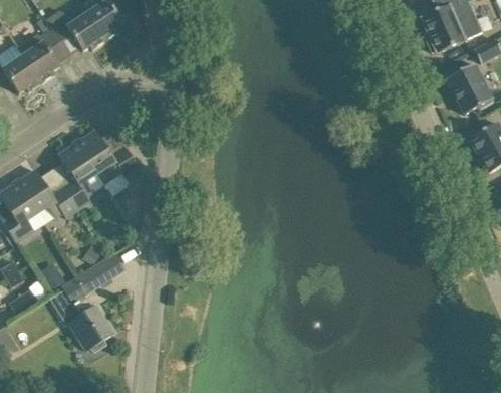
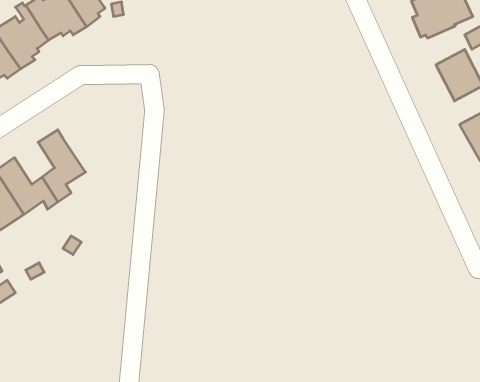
building: [77,130,140,183] -> none
building: [62,253,123,351] -> none

